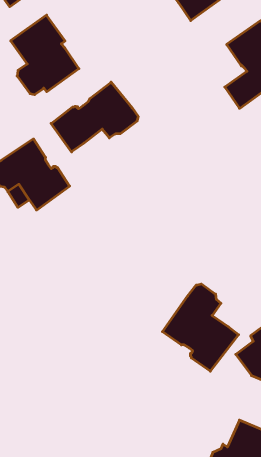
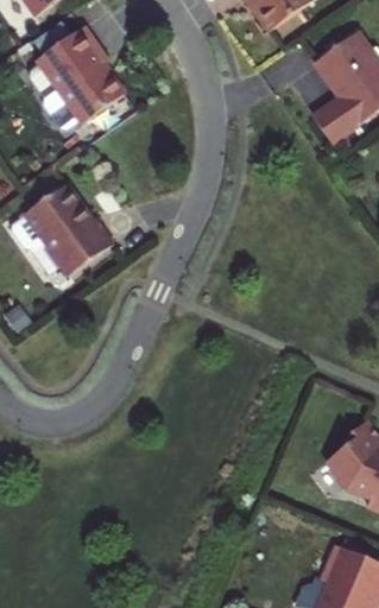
building: [51,82,138,152] -> none
building: [162,284,239,371] -> none

